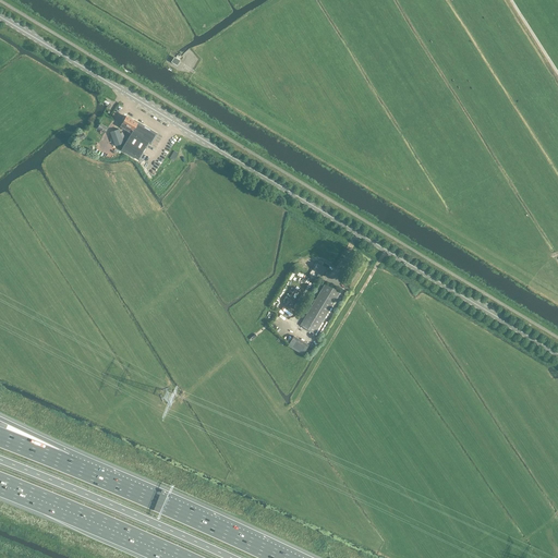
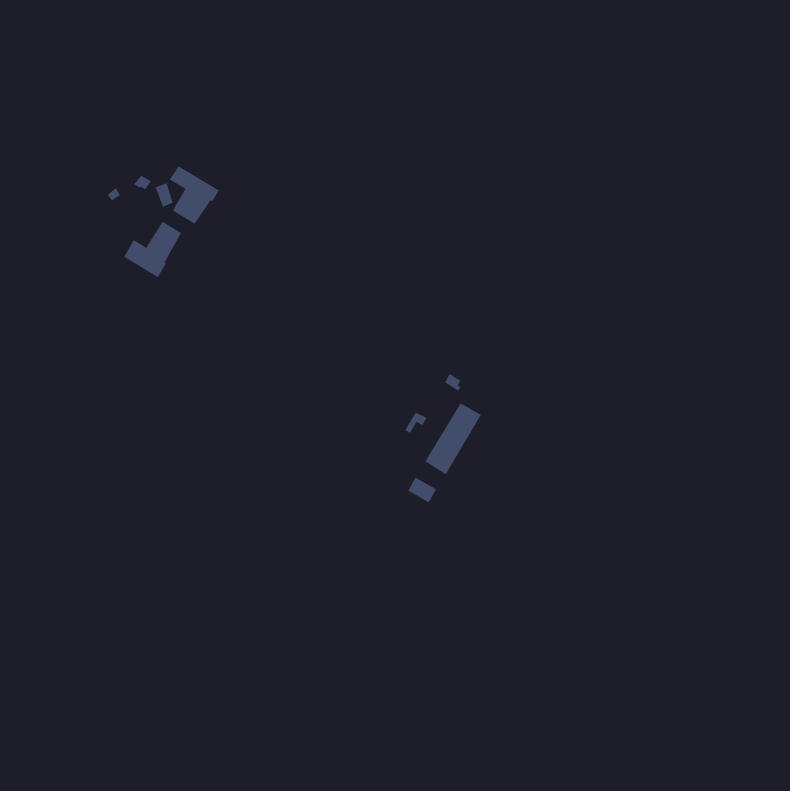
building: none -> [123,221,182,278]

